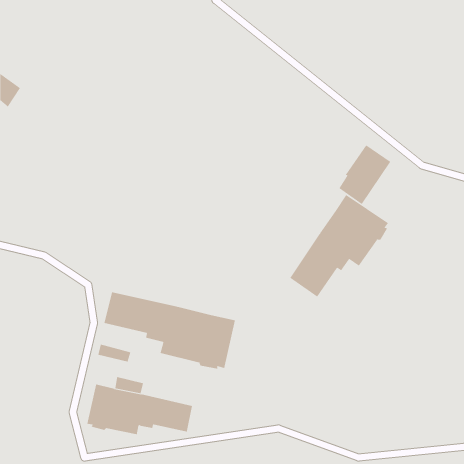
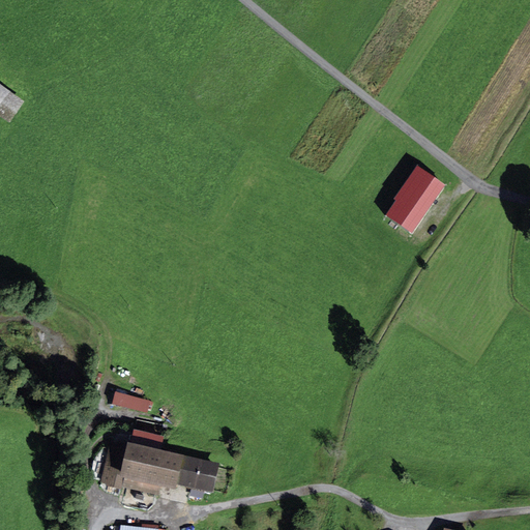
building: [290,194,389,297] -> none
building: [104,291,236,369] -> none

